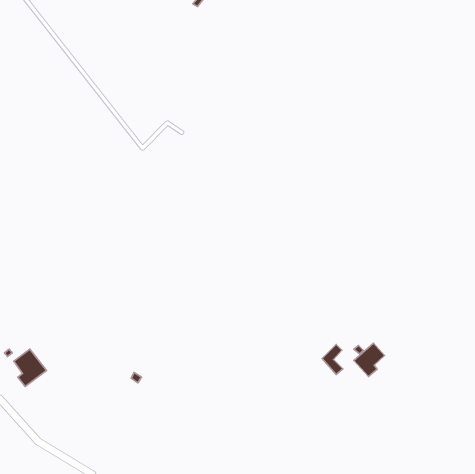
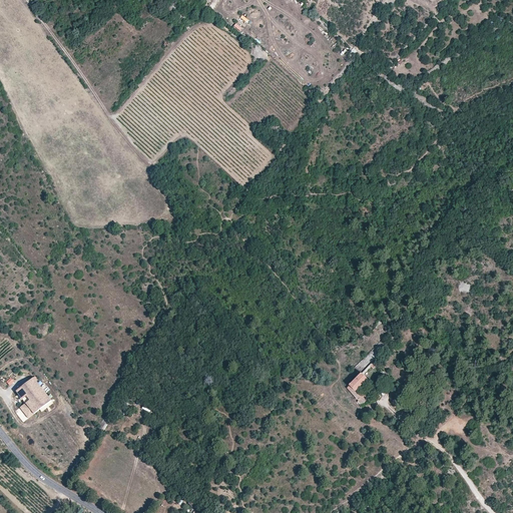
building: [354,343,384,376] -> none

